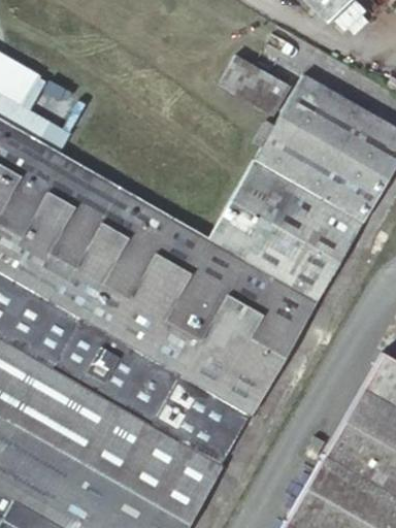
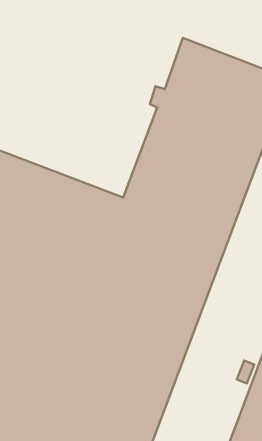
building: [220,55,290,116] -> none

